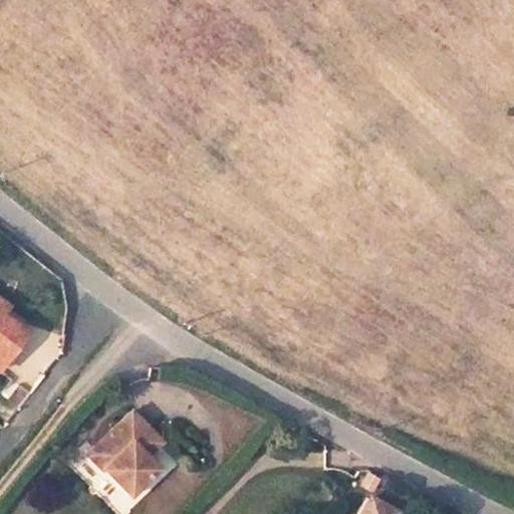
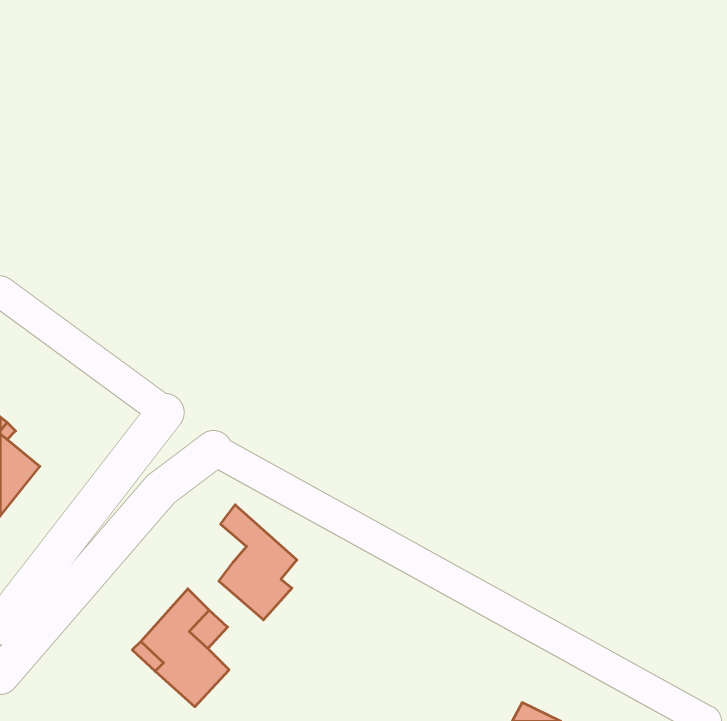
building: none -> [219,505,297,620]

